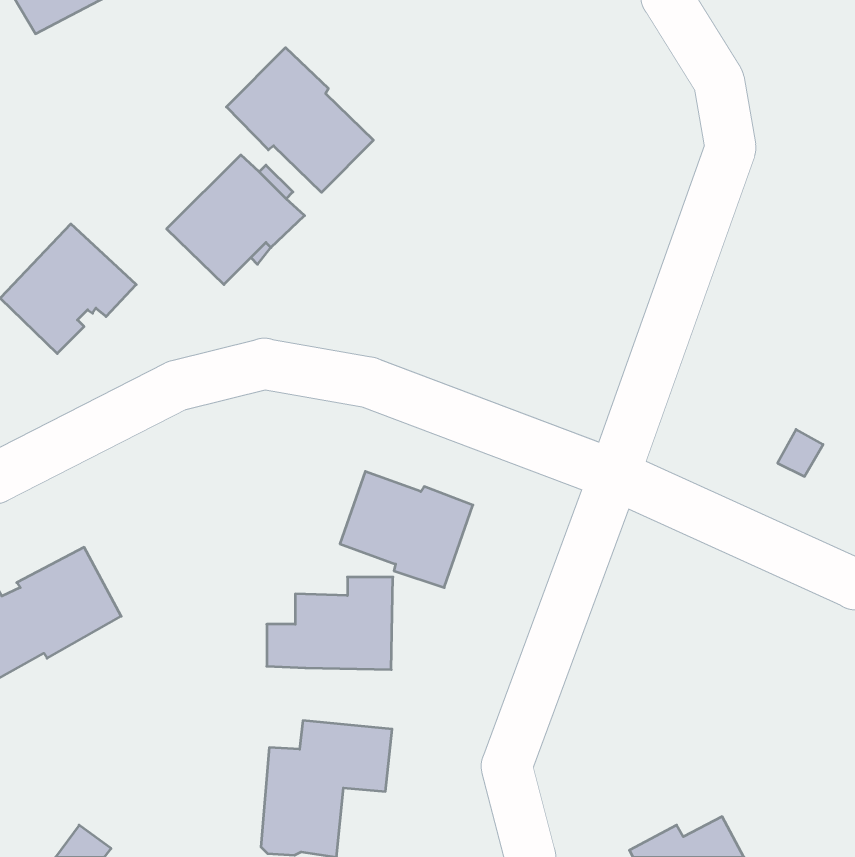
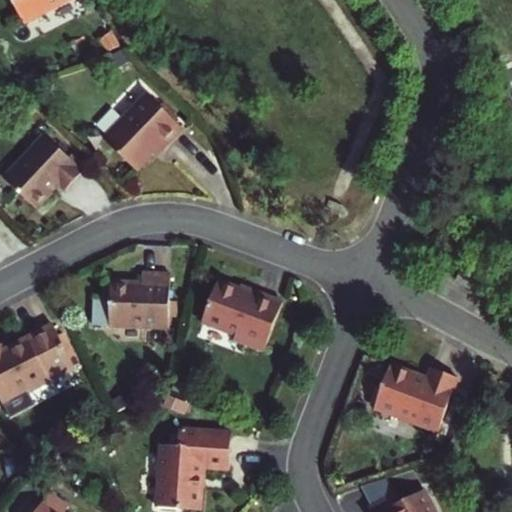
building: [226,48,373,192] -> none
building: [267,577,393,670] -> [94,271,169,326]
building: none -> [373,363,457,431]

